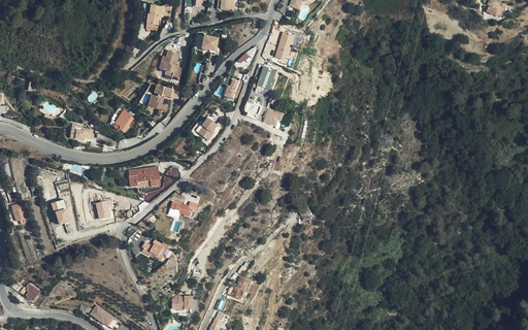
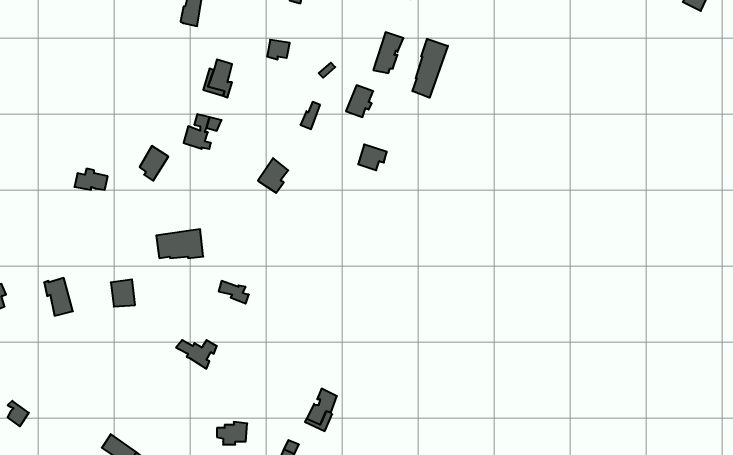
building: none -> [412,39,448,98]

